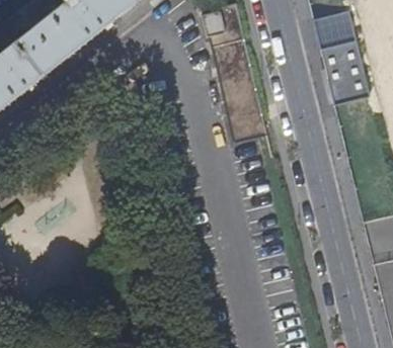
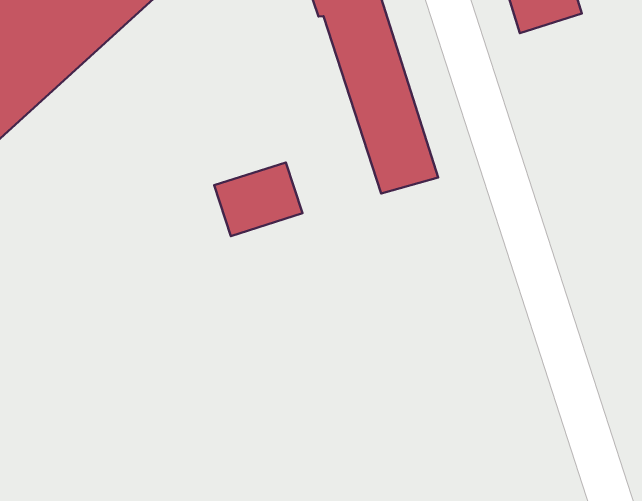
building: [321,46,372,110] -> none
building: none -> [214,162,303,236]

